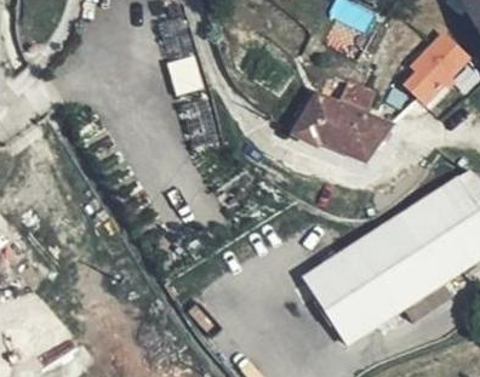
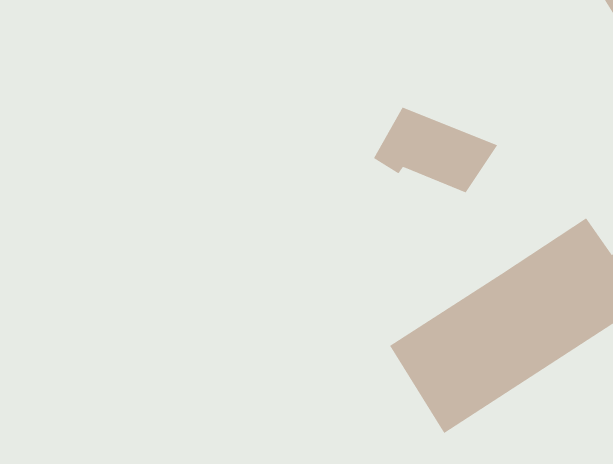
building: [407,35,468,103] -> none

